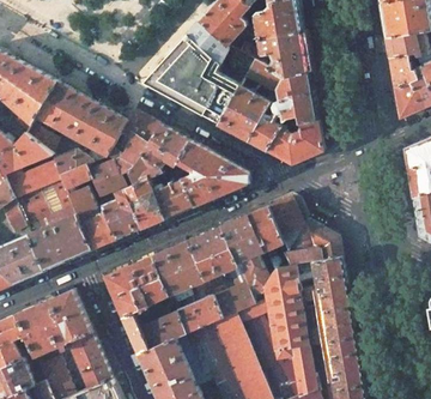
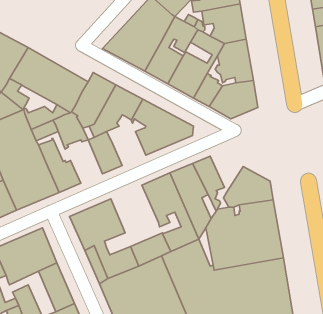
building: [153,167,193,218] -> none
building: [102,188,142,238] -> none
building: [267,197,305,249] -> none
building: [152,241,207,303] -> none

